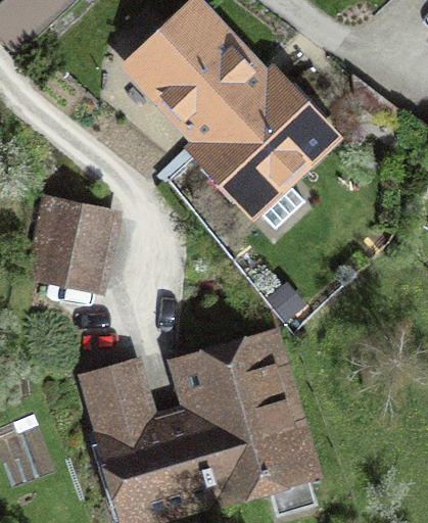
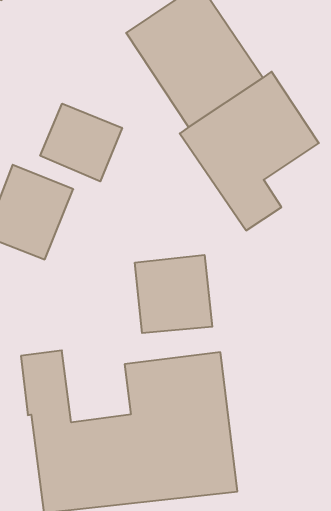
building: none -> [40,104,122,181]
building: none -> [135,255,212,333]

